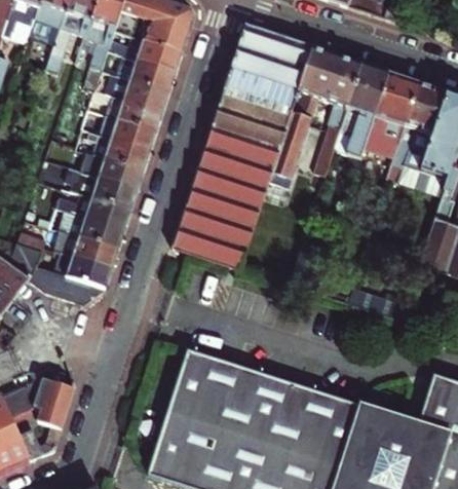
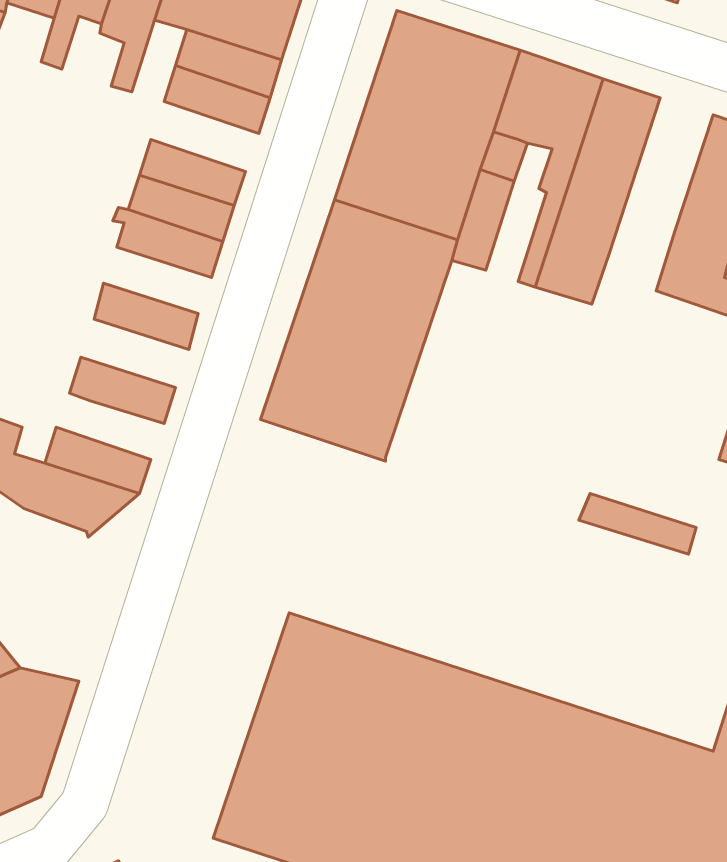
building: [361,72,418,161] -> none
building: [113,74,171,112] -> none
building: [87,153,146,189] -> none
building: [75,192,133,229] -> none
building: [62,236,120,268] -> none

